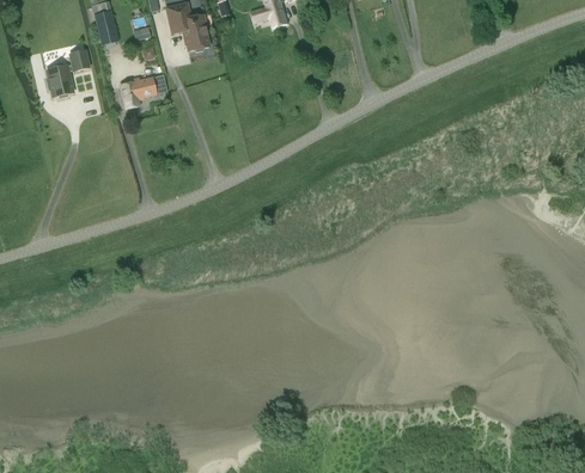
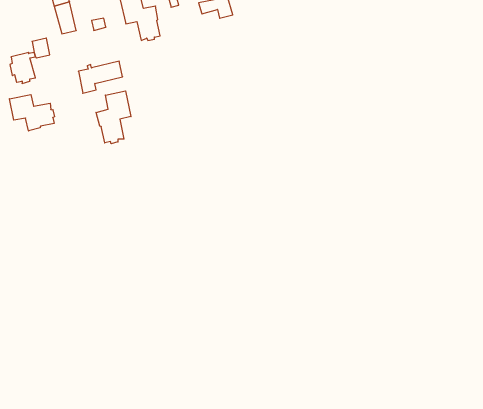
building: none -> [96,91,131,144]
building: none -> [9,95,55,131]

